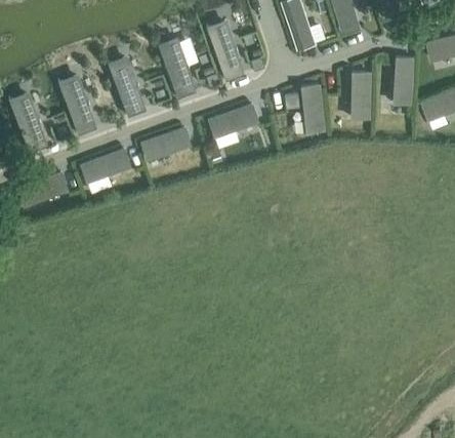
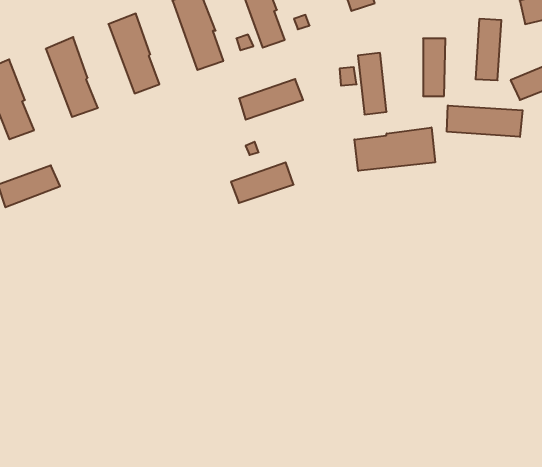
building: none -> [447,105,523,137]
building: [141,127,191,159] -> [231,162,294,203]
building: none -> [354,127,435,171]
building: [81,149,130,182] -> none

